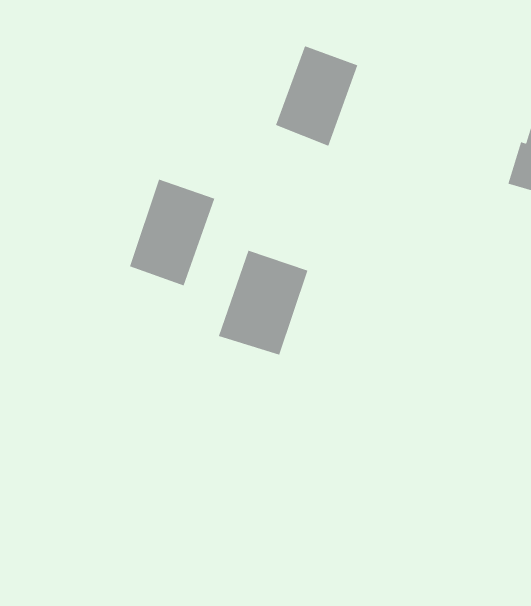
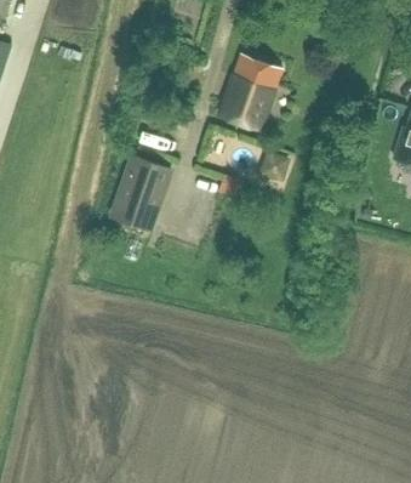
building: [218,250,308,356] -> none

